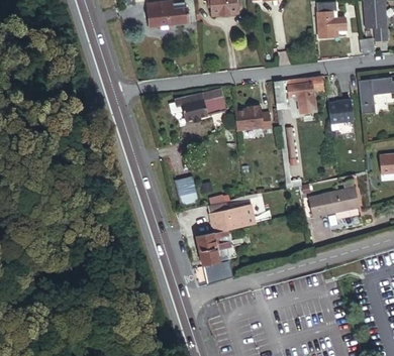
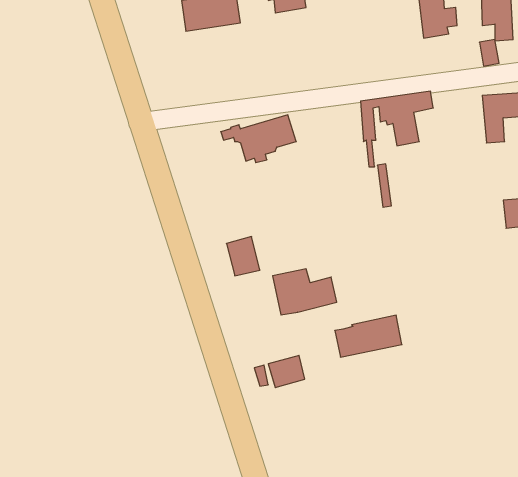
building: [328,98,355,123] -> none
building: [236,105,272,130] -> none
building: [308,184,357,214] -> [335,315,402,357]
building: [201,233,233,267] -> none

